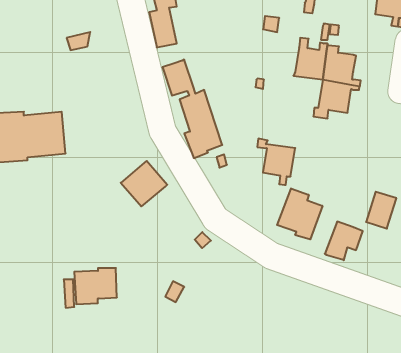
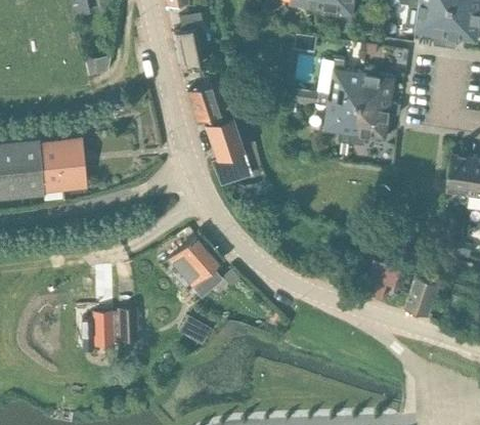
building: [257,139,295,185] -> [319,94,360,144]
building: [121,161,167,206] -> [169,237,219,286]
building: [277,188,322,239] -> none
building: [366,192,396,229] -> [407,275,440,315]

